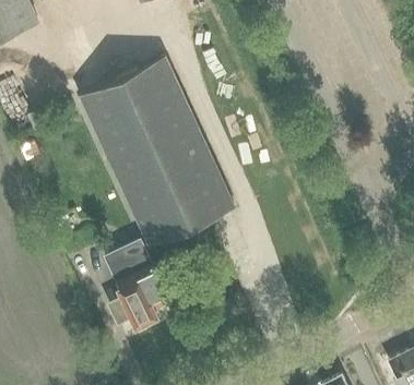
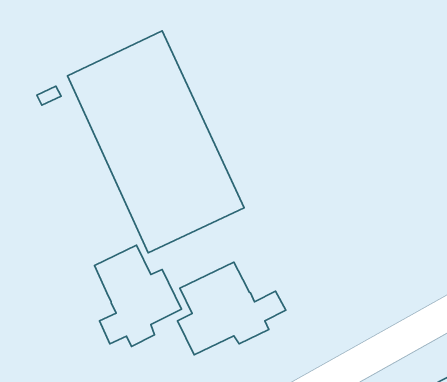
building: none -> [178,262,286,355]

